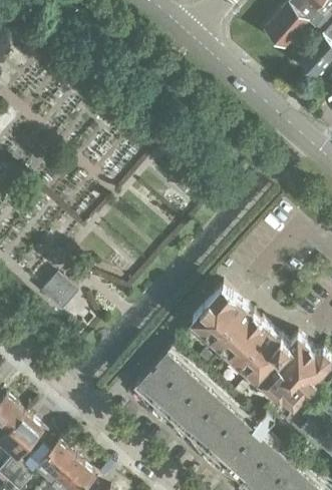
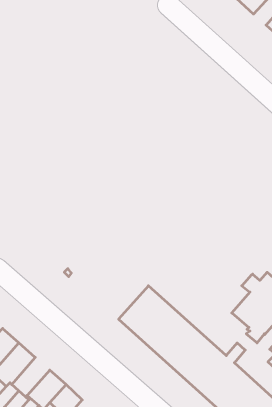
building: [39,274,77,312] -> none
building: [192,285,281,379] -> none

